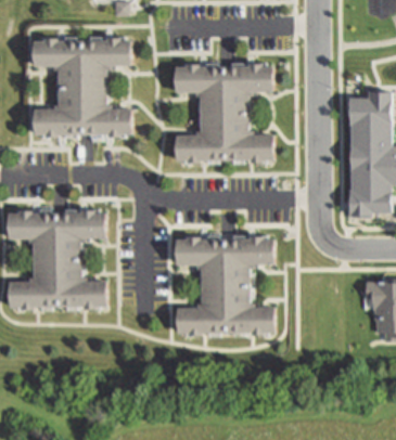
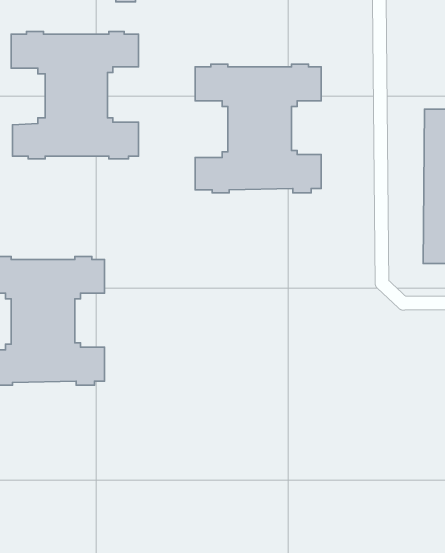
building: [176,236,272,335] -> none

